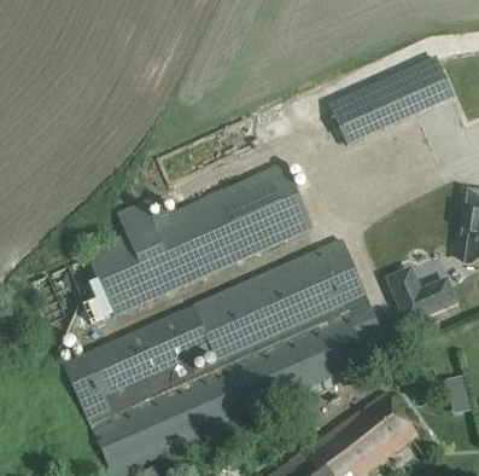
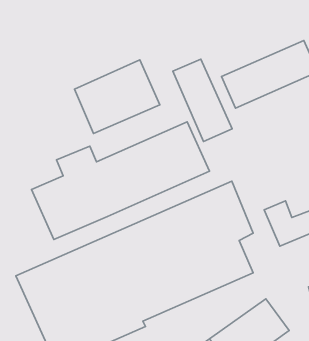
building: none -> [173,59,232,141]
building: none -> [75,60,160,134]

